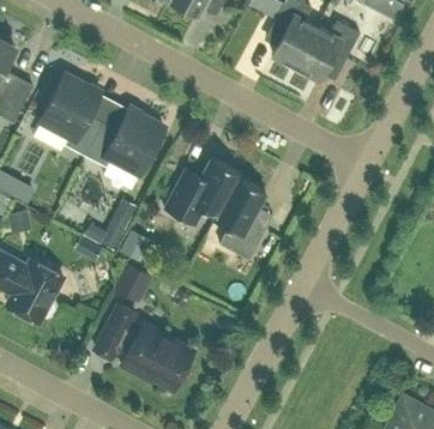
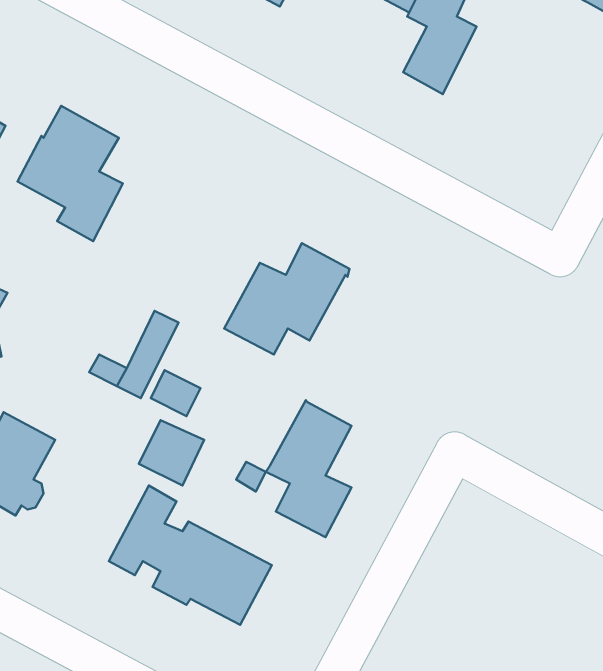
building: [296,20,360,79] -> none
building: [85,108,164,174] -> none
building: [213,176,265,259] -> [266,400,351,537]

